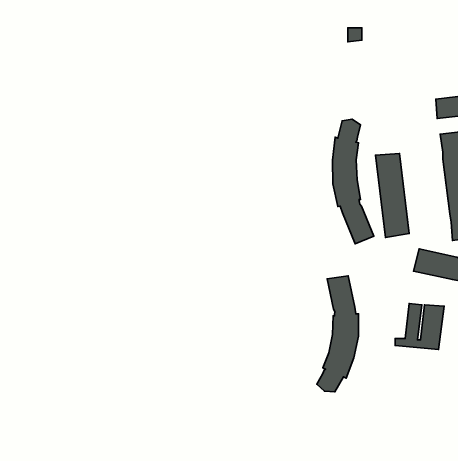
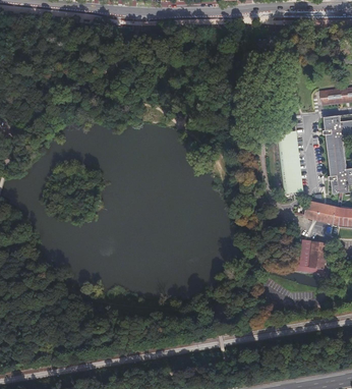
building: [333,119,374,244] -> none
building: [317,276,359,392] -> none

